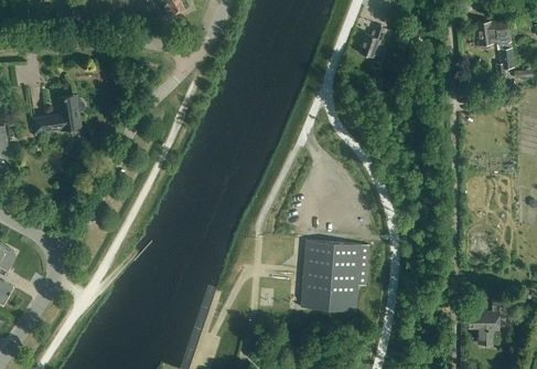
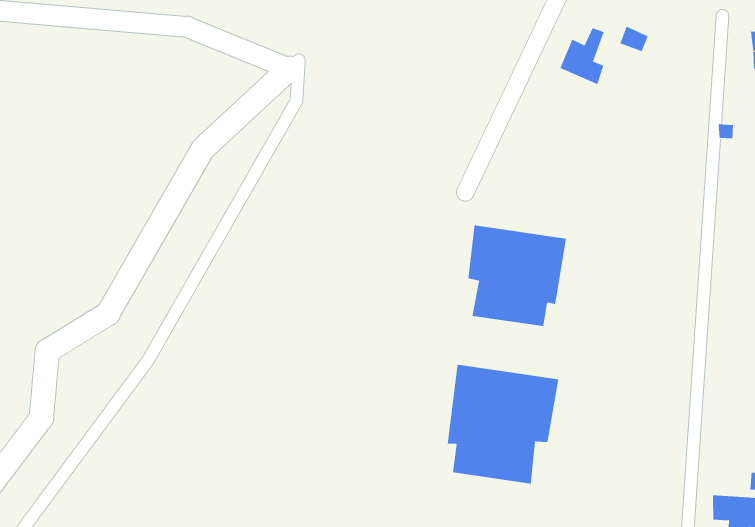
building: [32,95,84,133] -> none
building: none -> [468,225,567,327]

